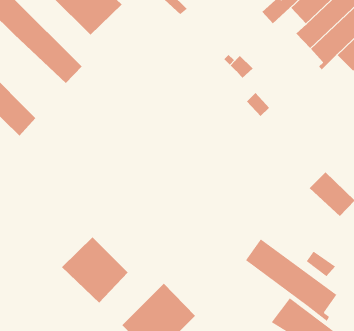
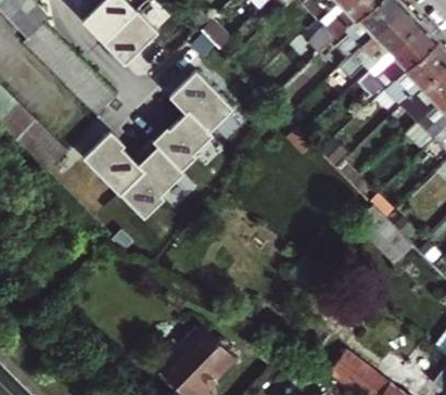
building: none -> [86,72,234,219]
building: [61,236,129,303] -> none
building: [245,239,337,322] -> none

